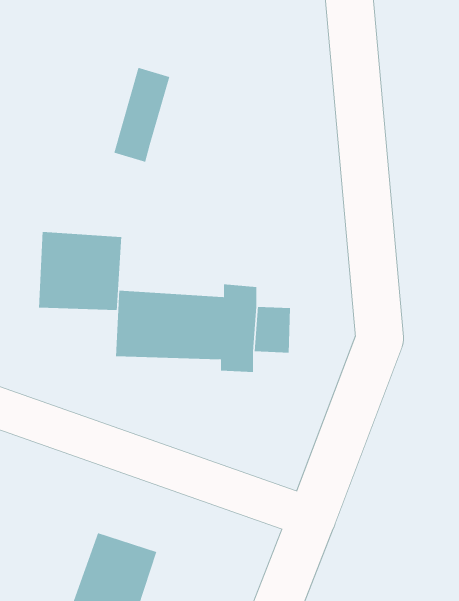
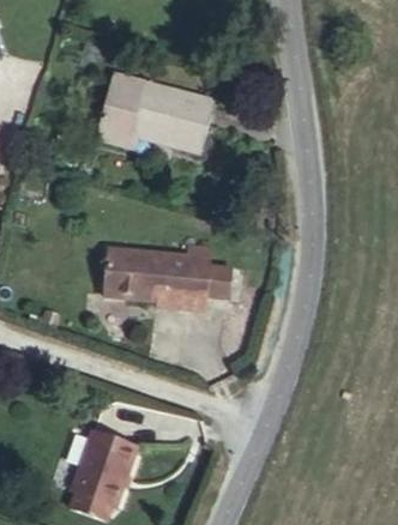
building: none -> [131,90,217,161]
building: [39,231,122,311] -> none

